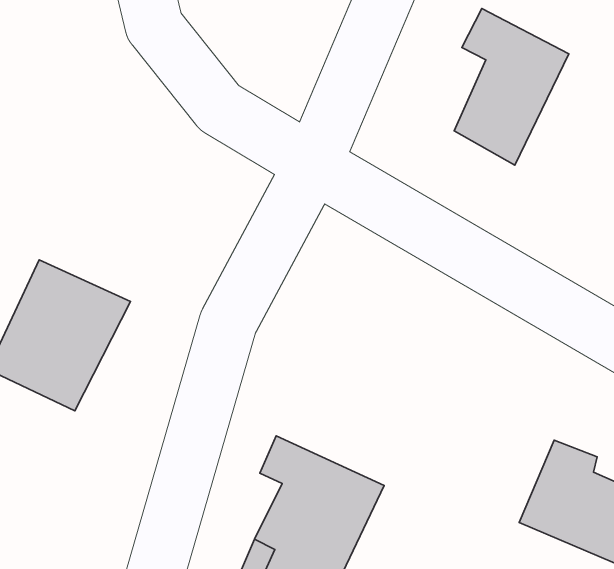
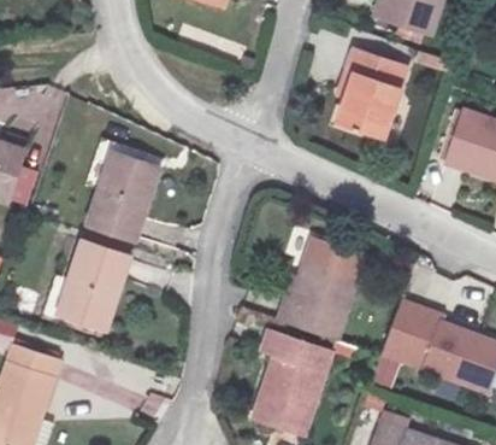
building: none -> [94,133,178,227]
building: none -> [276,240,361,335]

